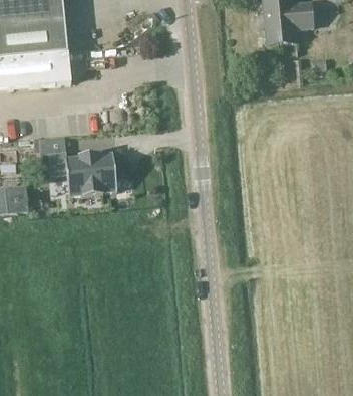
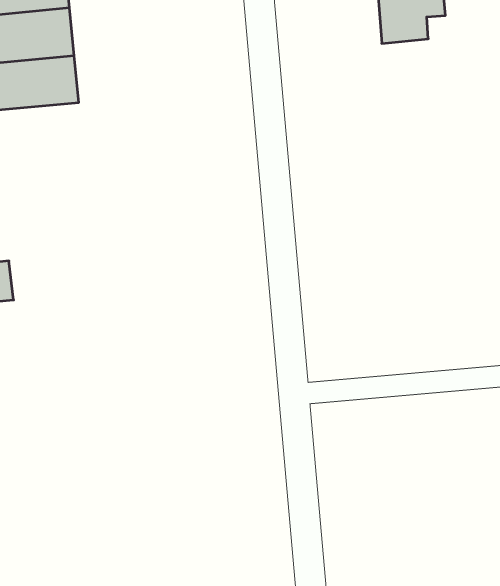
building: [48,150,119,197] -> none

